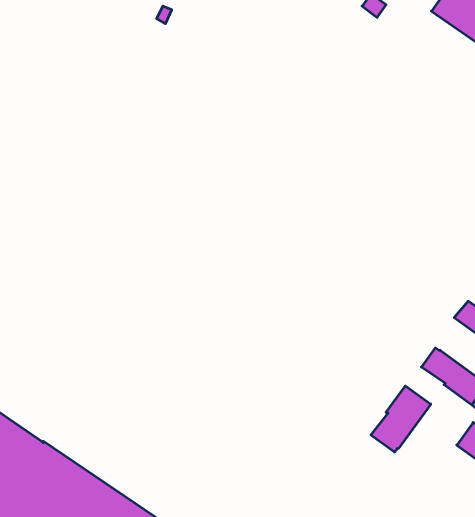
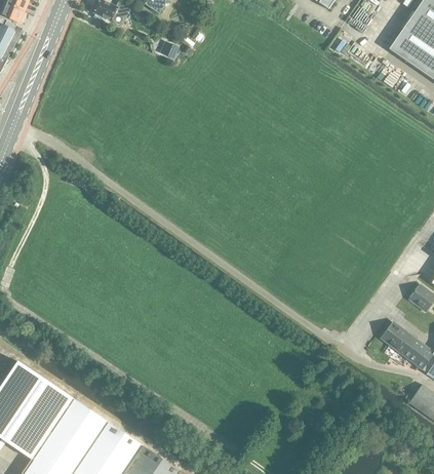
building: [371,386,431,452] -> none

